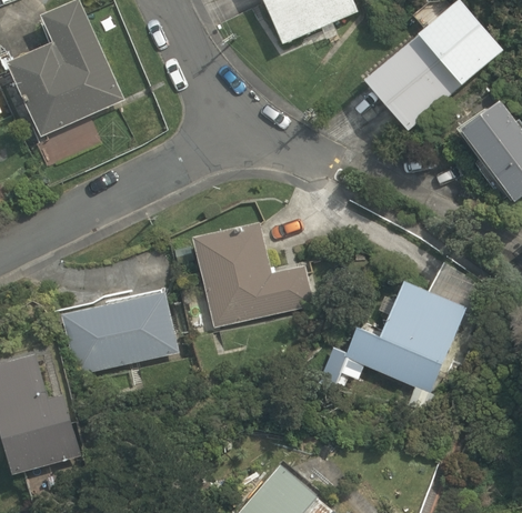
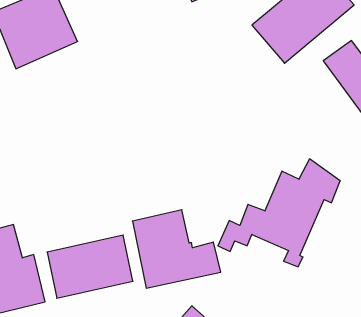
building: [192,220,313,328] -> [132,210,221,288]
building: [60,290,178,376] -> [47,235,133,298]

